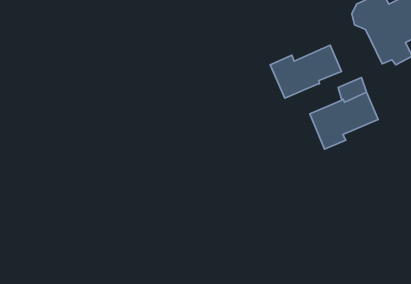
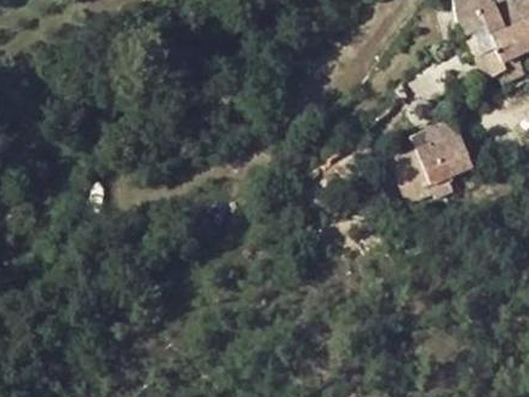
building: [270,45,341,98] -> none

